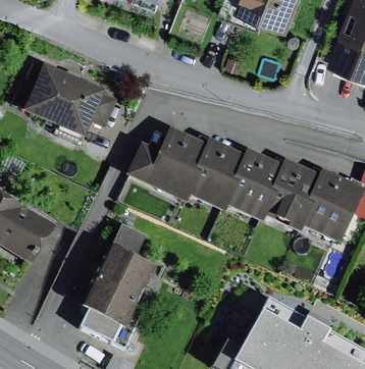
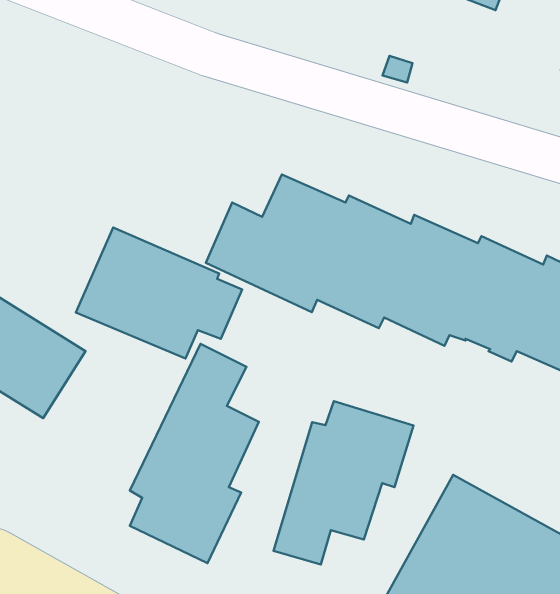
building: [21,62,117,138] -> [76,228,242,358]
building: none -> [273,401,413,565]

